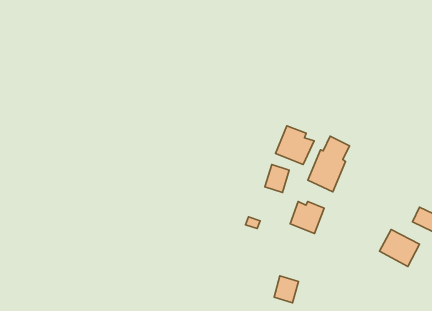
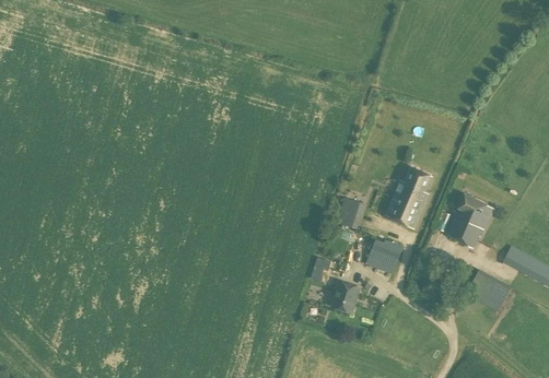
building: [275,126,314,165] -> none
building: none -> [446,192,494,247]
building: [274,276,298,303] -> [331,281,359,311]

